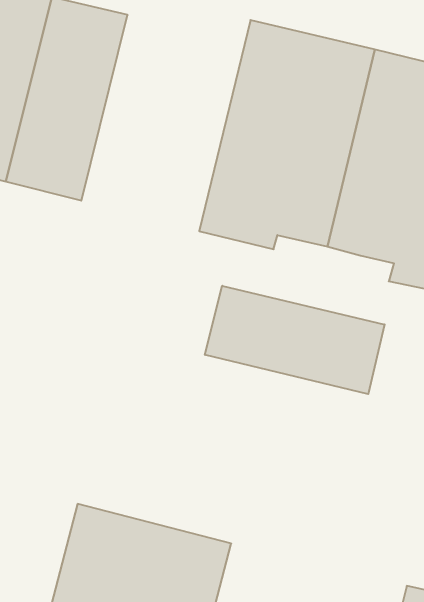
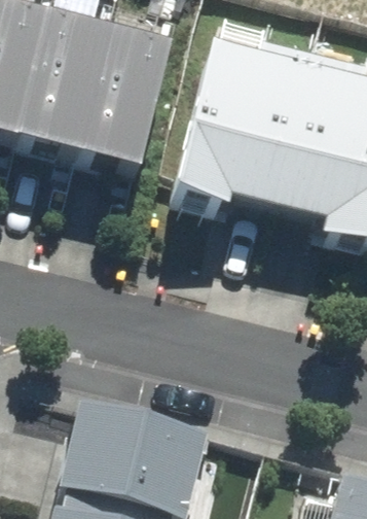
building: none -> [79,22,177,186]
building: [205,286,385,394] -> none

